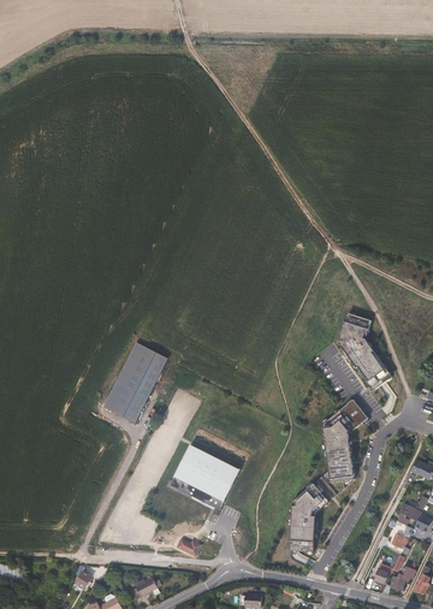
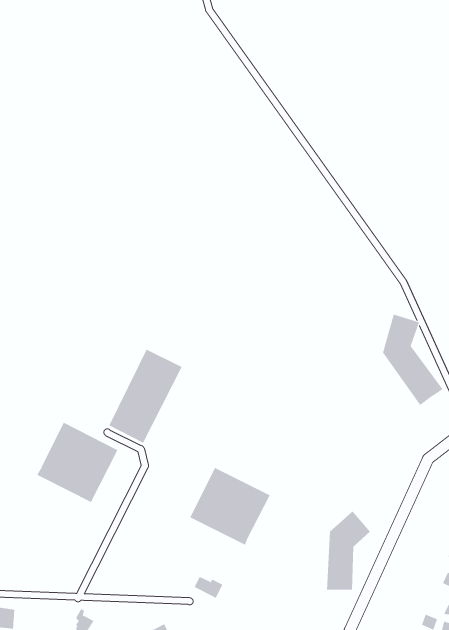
building: [324,398,369,481] -> none
building: none -> [36,422,118,503]

